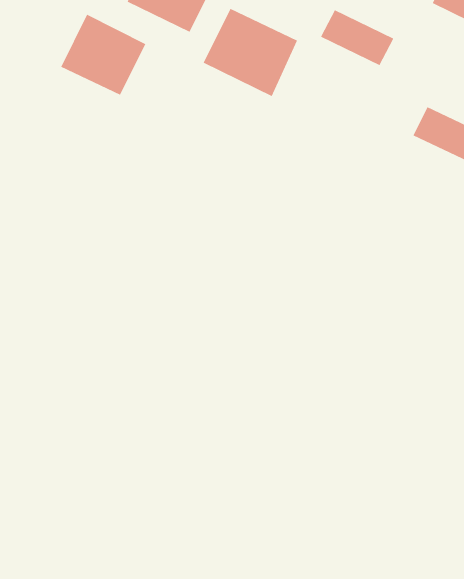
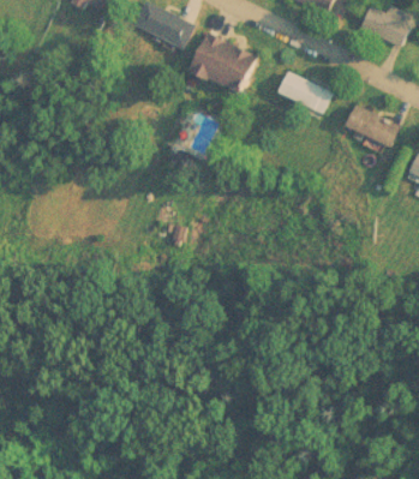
building: [320,10,394,66] -> [277,71,333,113]
building: [61,14,146,96] -> none

